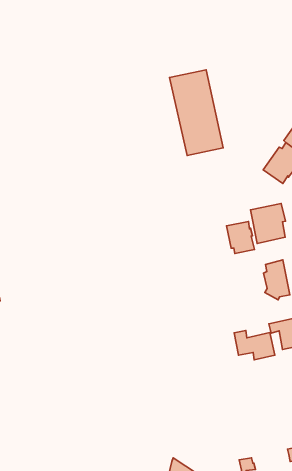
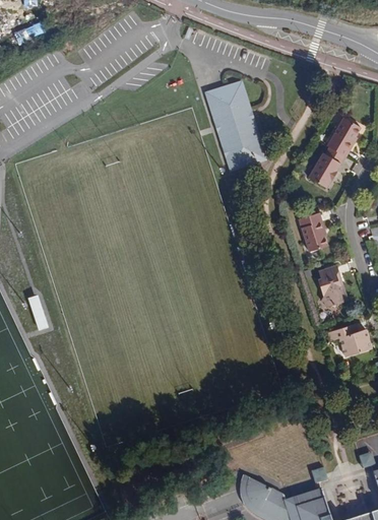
building: [227,221,255,253] -> none
building: [234,331,275,360] -> none

